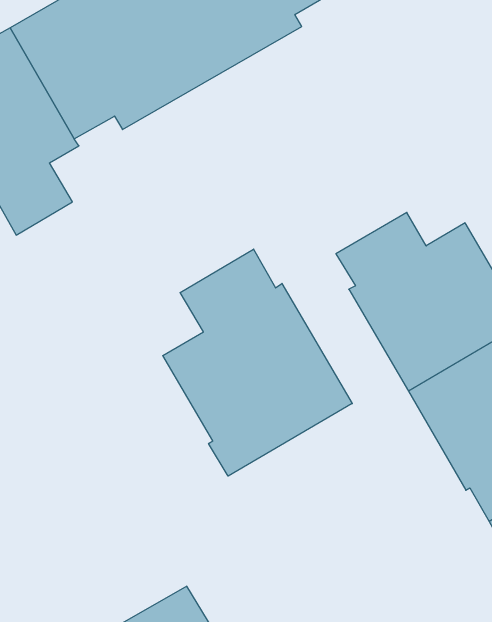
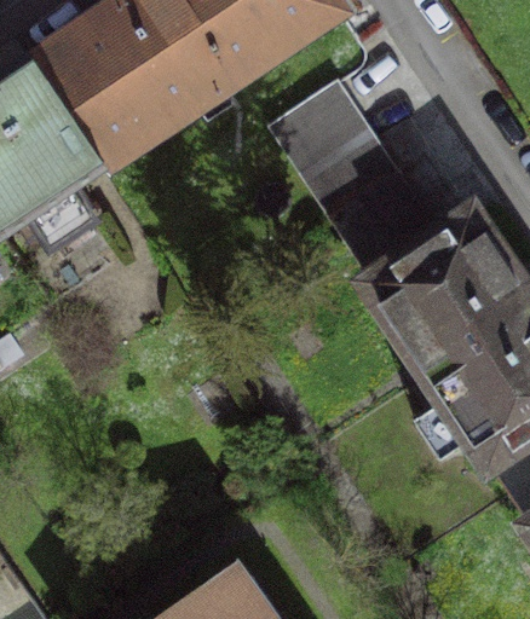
building: none -> [272,83,417,249]
building: [163,249,352,476] -> none

